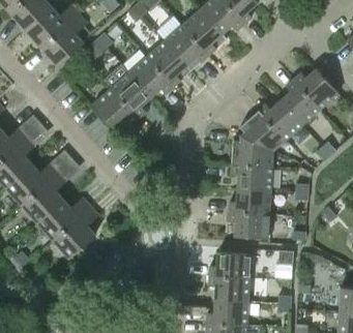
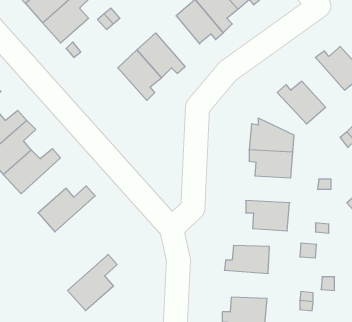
building: [146,40,190,87] -> none
building: [281,79,320,124] -> none
building: [93,88,138,128] -> none
building: [239,111,285,150] -> none
building: [22,171,66,221] -> none
building: [229,187,270,212] -> none
building: [53,206,98,258] -> [68,254,117,311]
building: [208,274,249,300] -> none

